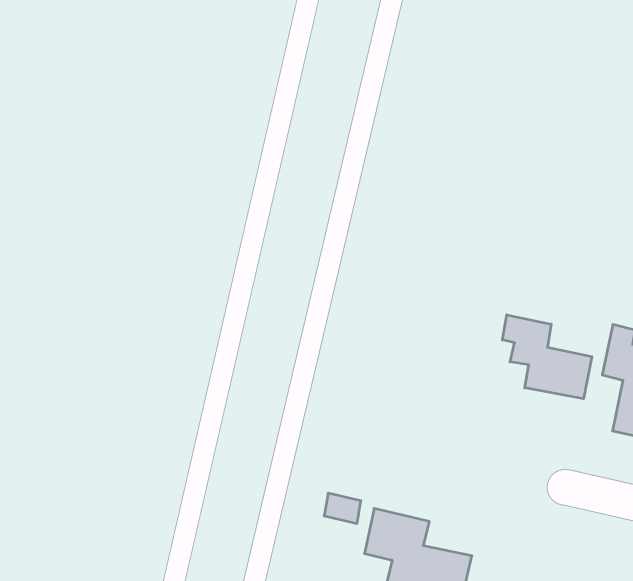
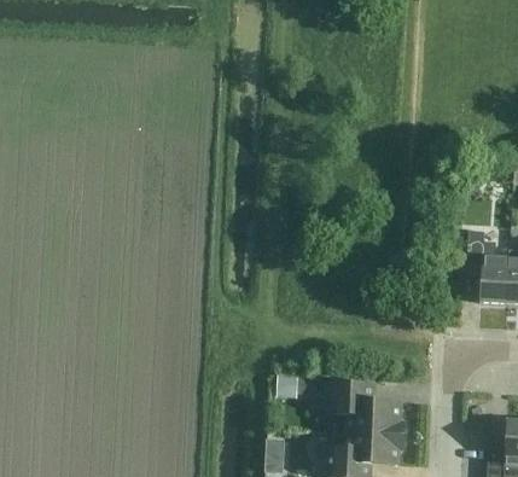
building: [502,315,592,399] -> none

